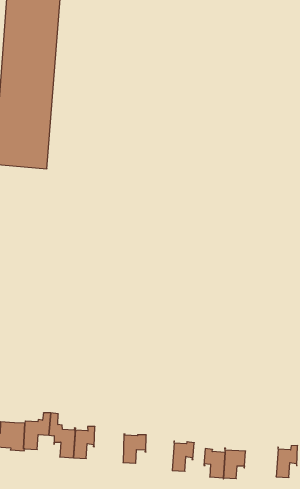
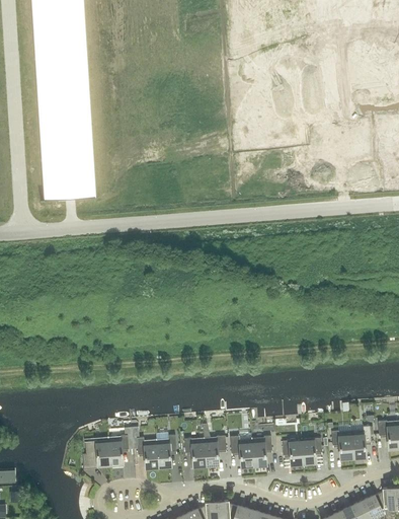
building: none -> [184,437,207,465]
building: none -> [230,436,254,466]
building: none -> [332,429,353,458]

